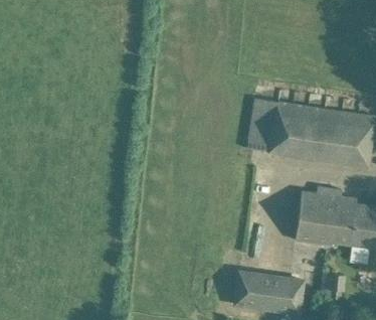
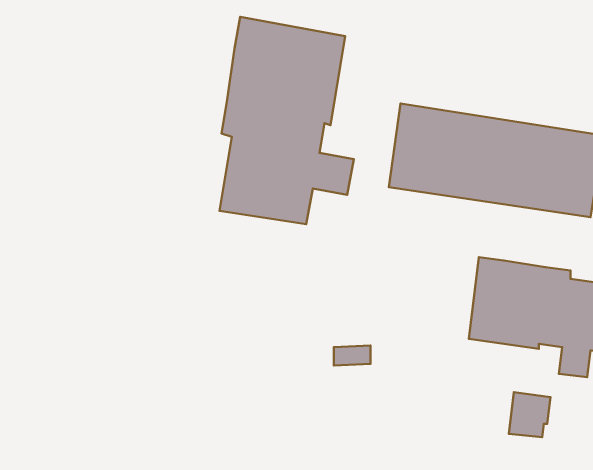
building: none -> [220,17,354,224]
building: [236,271,306,313] -> none

